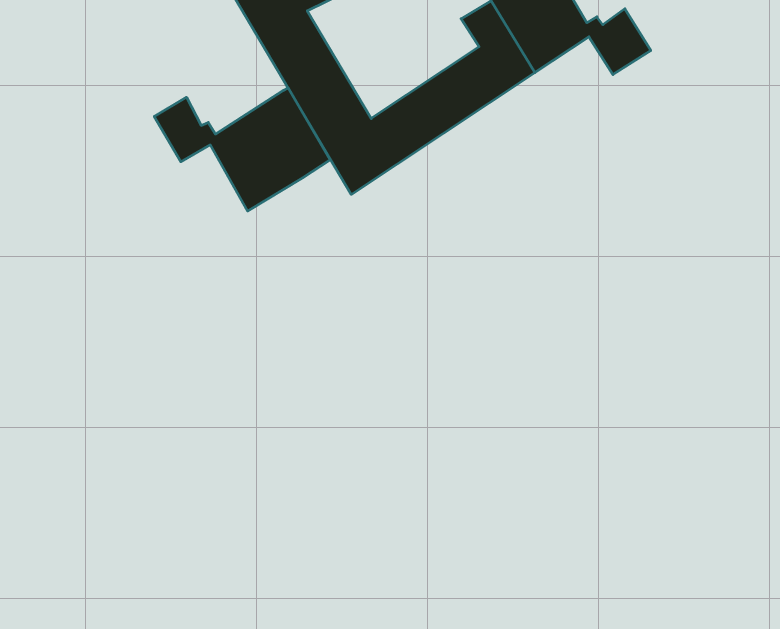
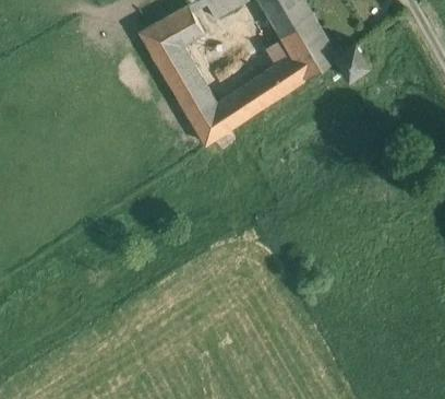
building: [154,88,330,211] -> none

